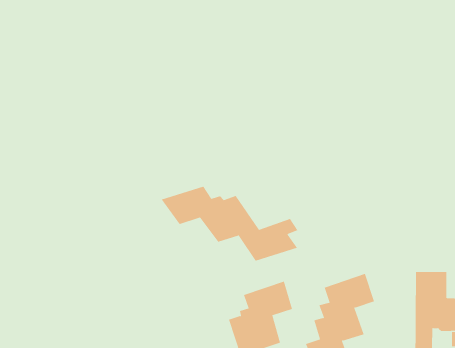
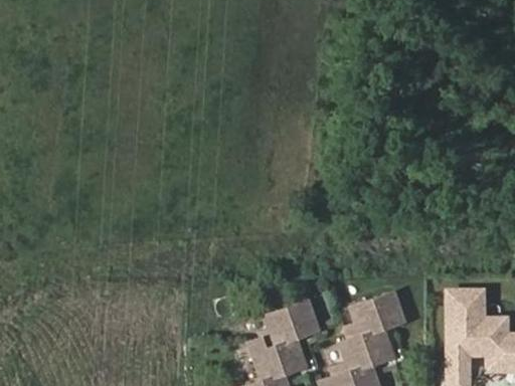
building: [161,186,298,261] -> none

